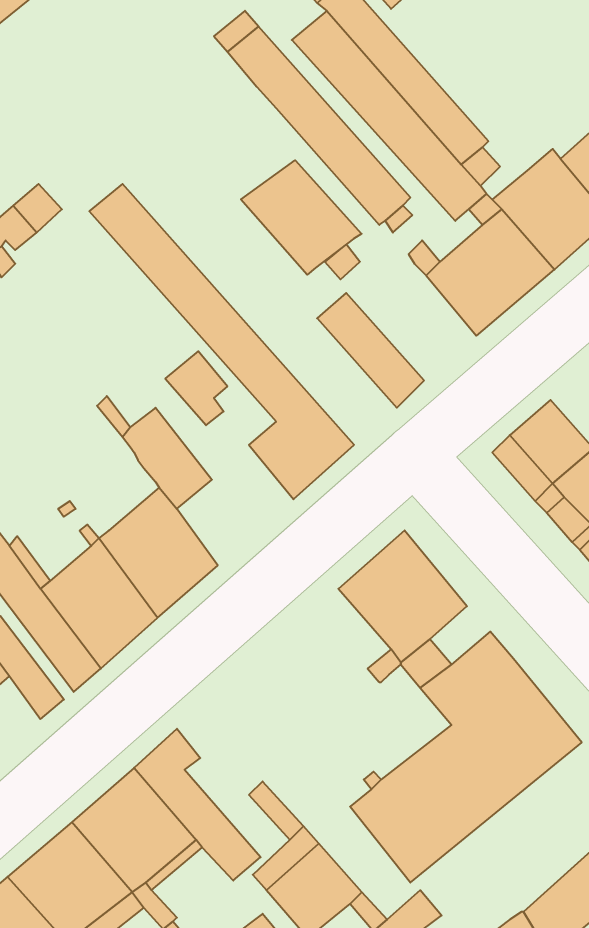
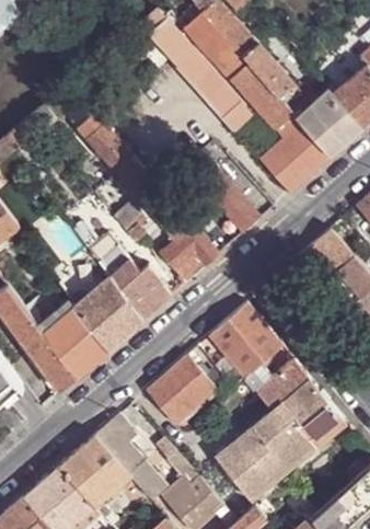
building: [241,160,362,275] -> none
building: none -> [118,265,171,322]
building: none -> [146,354,215,423]

